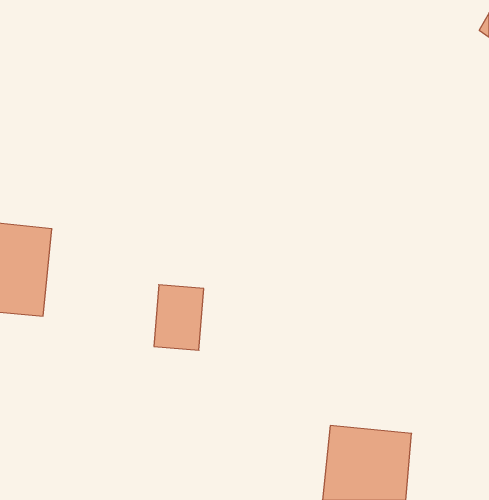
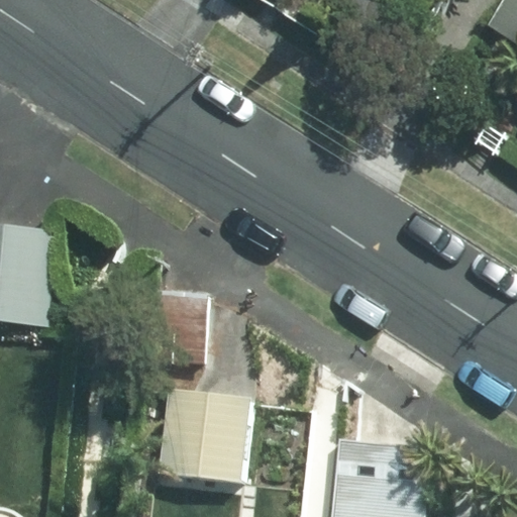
building: none -> [158,394,251,486]

